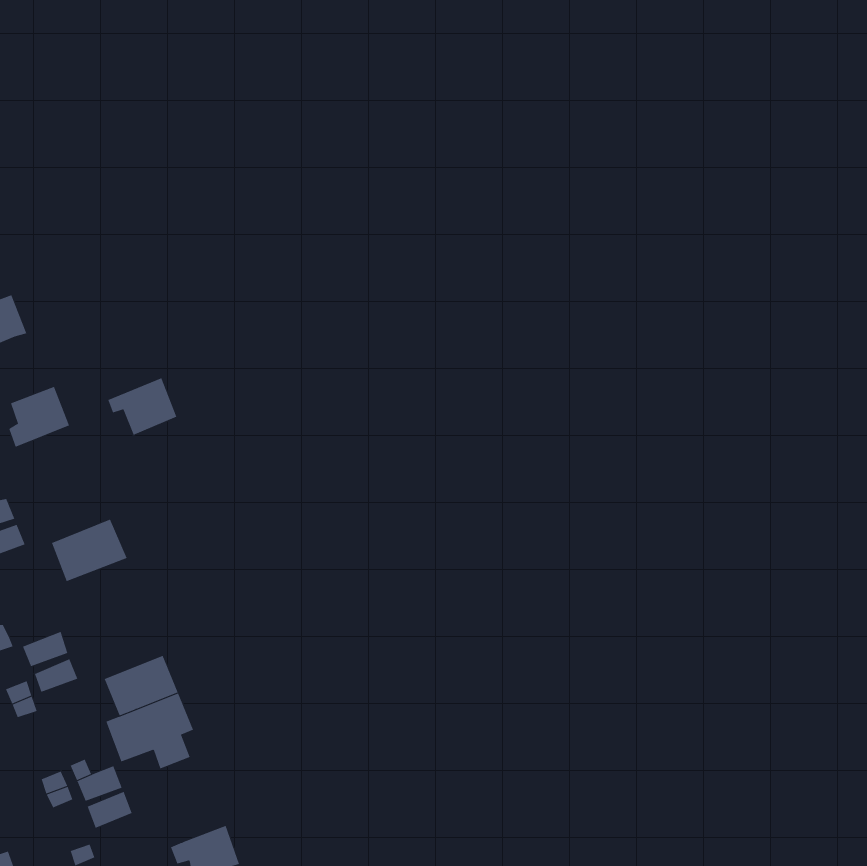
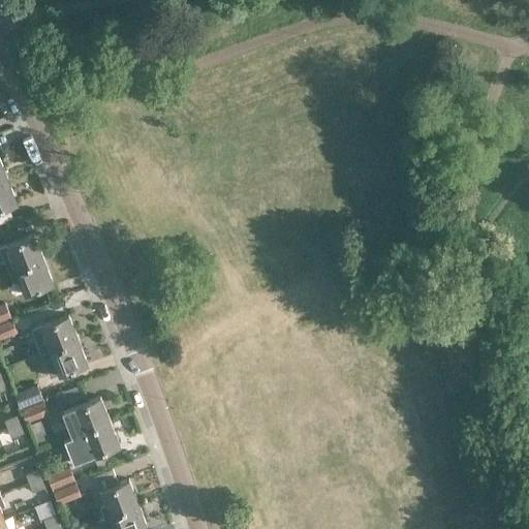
building: [108,378,177,435] -> [9,260,52,295]
building: none -> [40,341,87,379]
building: none -> [91,469,137,517]

